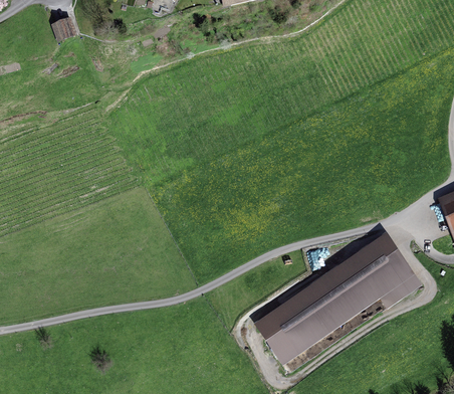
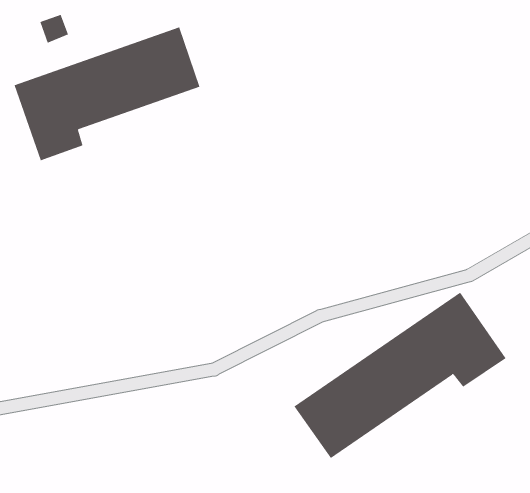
building: none -> [14,27,200,161]

